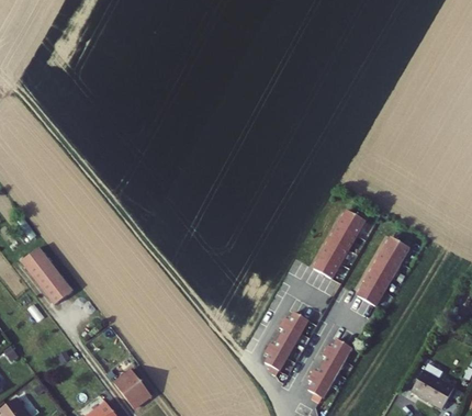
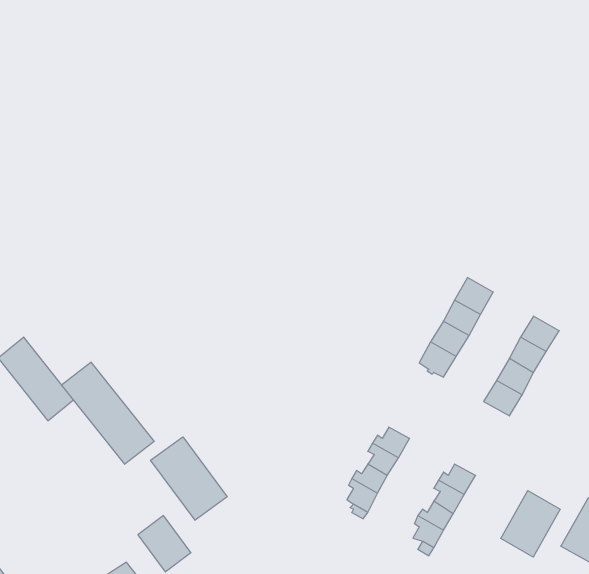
building: none -> [62,362,154,464]
building: none -> [151,437,227,520]
building: none -> [501,491,560,557]

